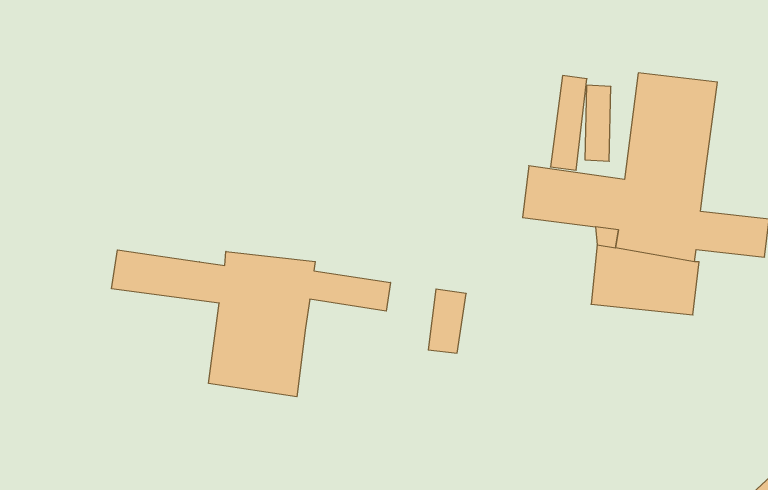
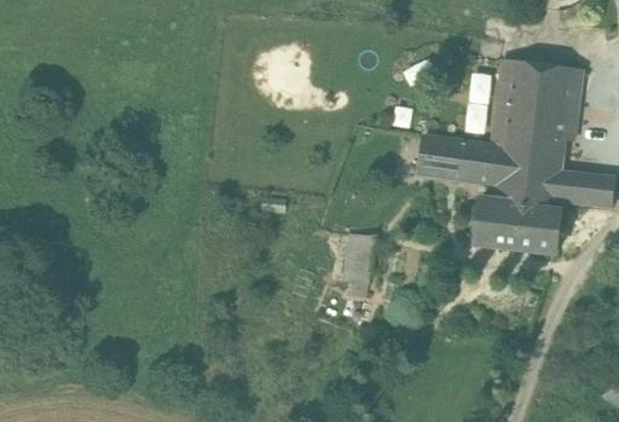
building: [550,76,587,170] -> [561,68,590,143]
building: [112,250,390,397] -> none

